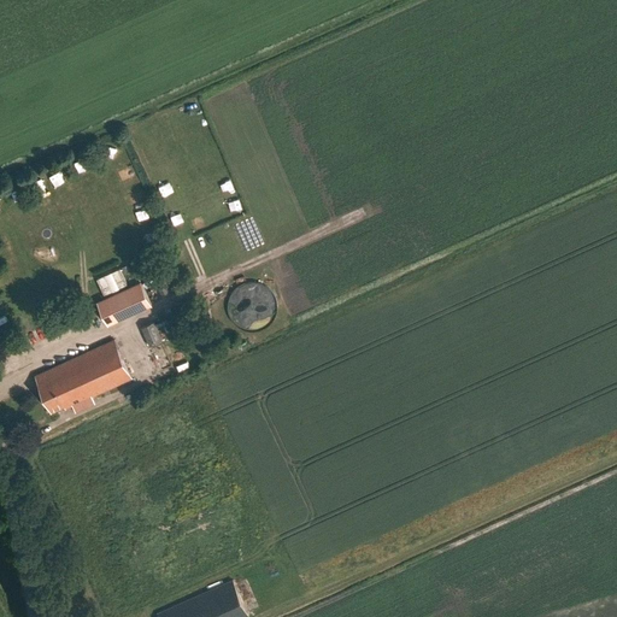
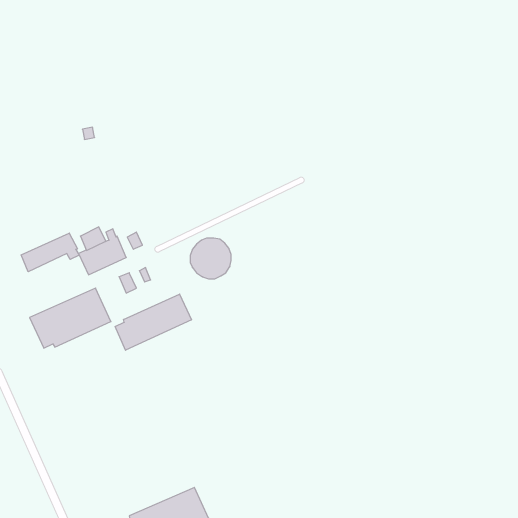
building: none -> [21,233,79,272]
building: none -> [115,294,191,350]

